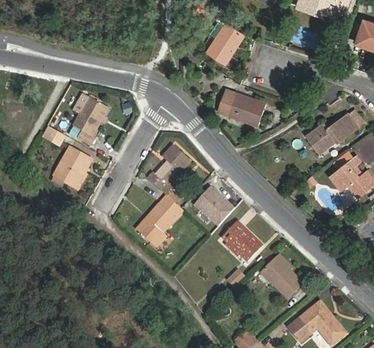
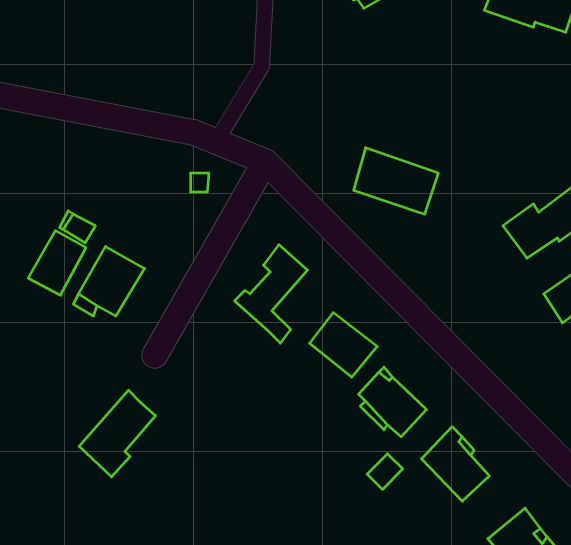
building: [205,21,246,65] -> none
building: [75,98,109,136] -> [28,231,86,295]
building: [138,197,183,248] -> [79,390,156,477]

